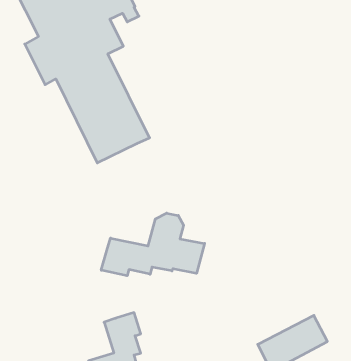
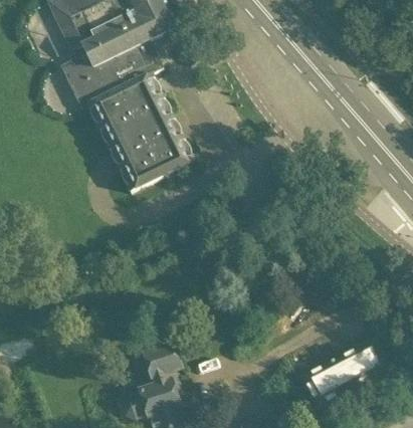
building: [101,213,205,276] -> none

